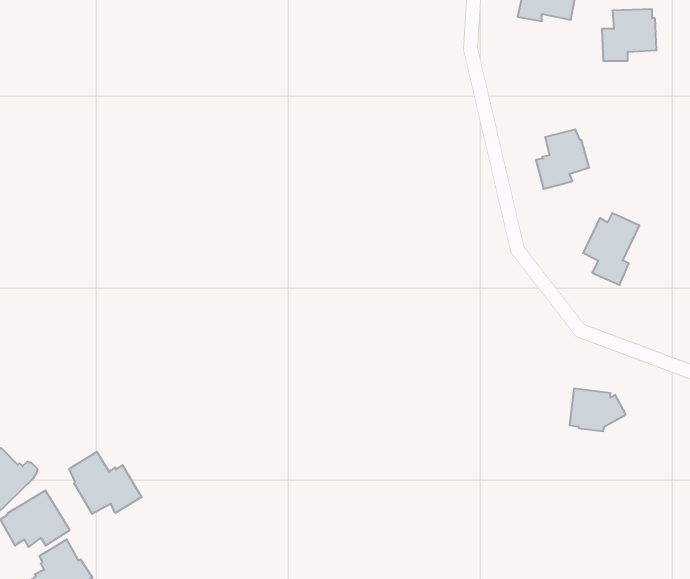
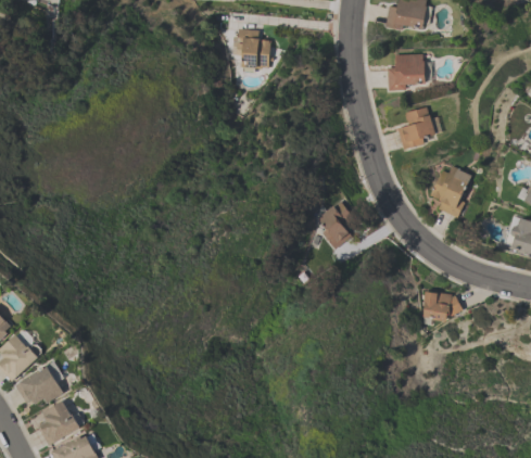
building: [602,9,657,61] -> [387,53,426,90]
building: none -> [236,29,270,74]
building: none -> [317,202,354,251]
building: [69,452,142,514] -> none

